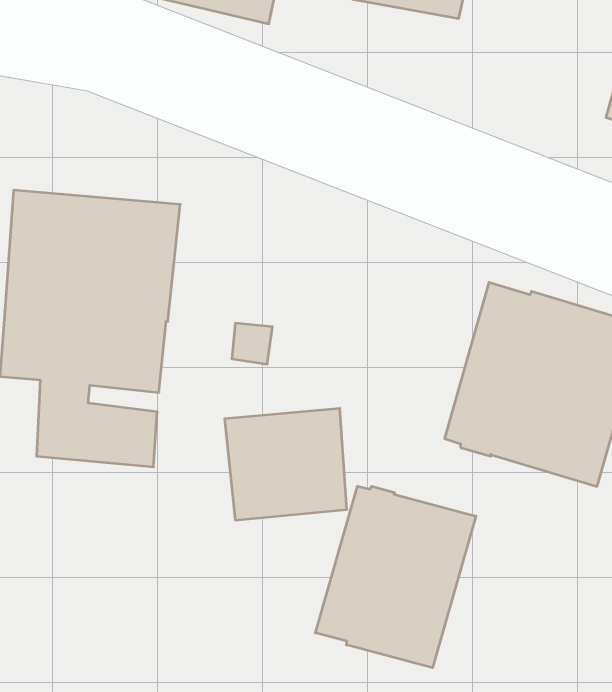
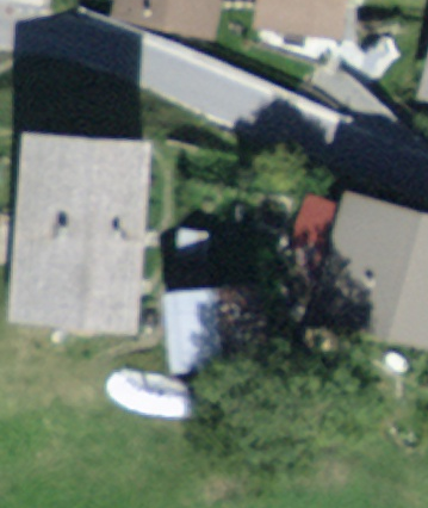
building: [315,486,476,668] -> none

